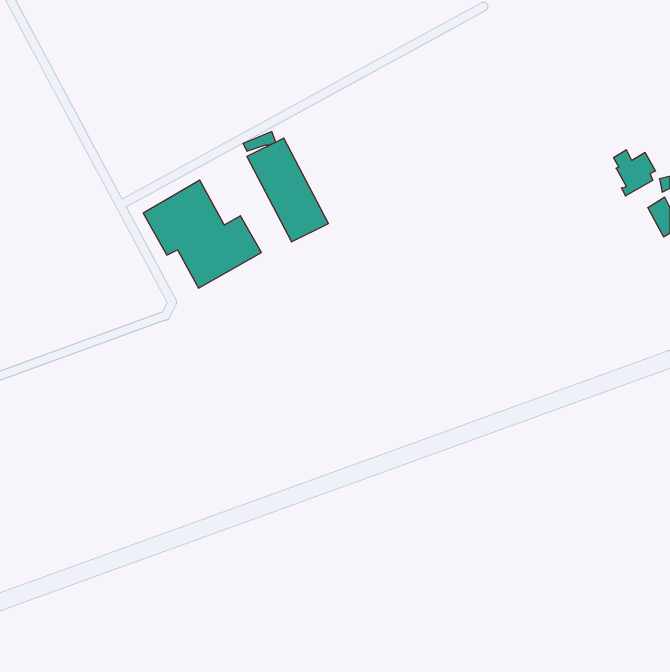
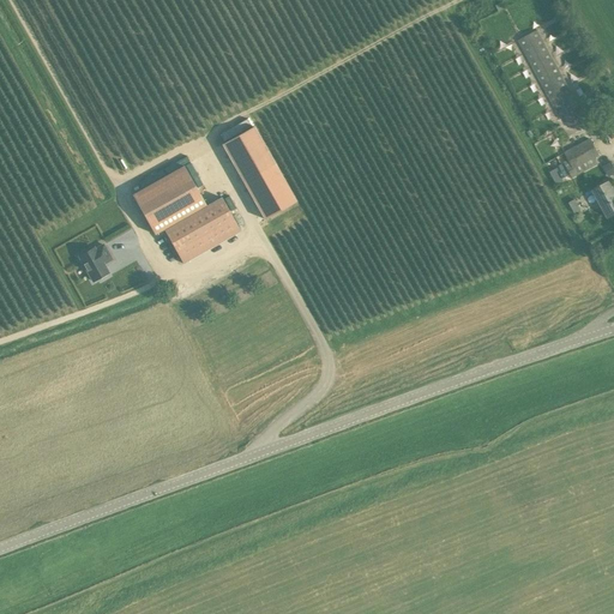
building: none -> [517,29,580,128]
building: none -> [78,245,110,281]

